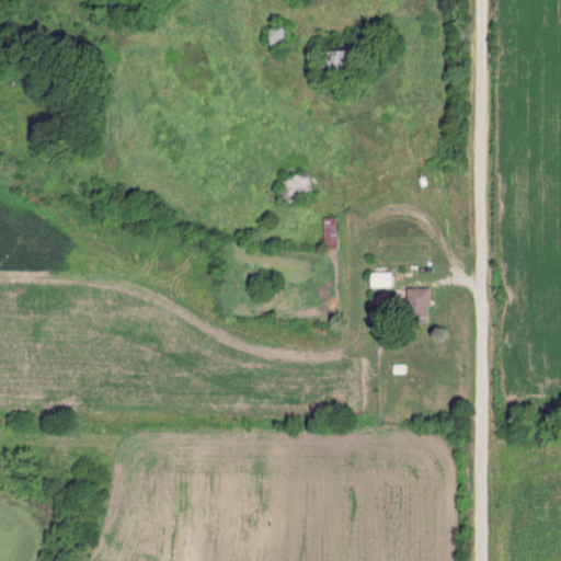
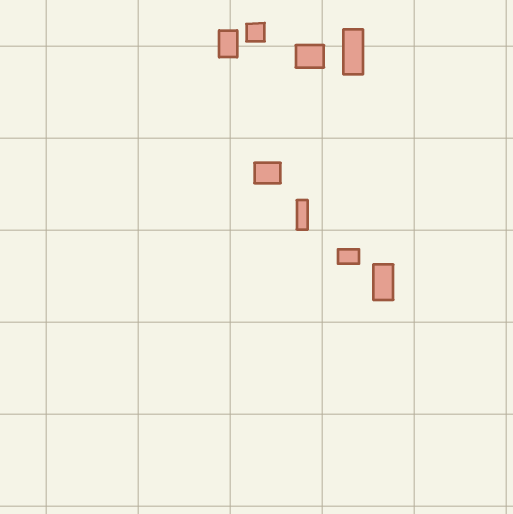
building: none -> [344,29,363,74]
building: none -> [219,30,237,57]

